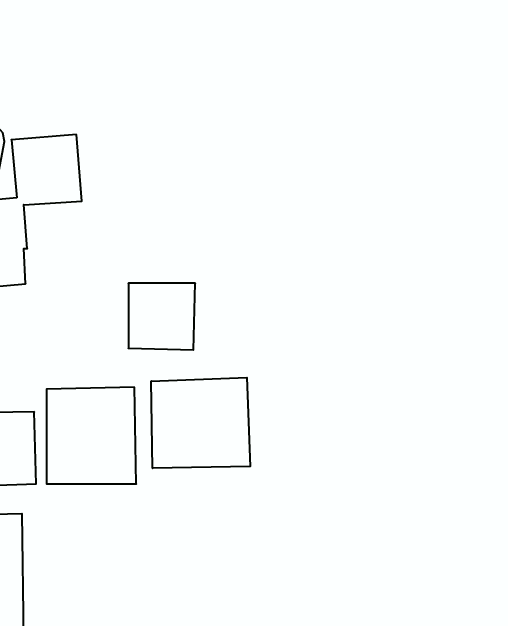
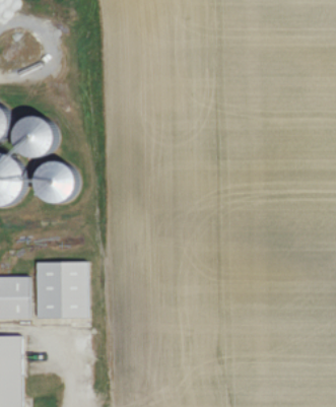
building: [128,283,195,350] -> [38,162,76,201]
building: [151,378,250,468] -> none

